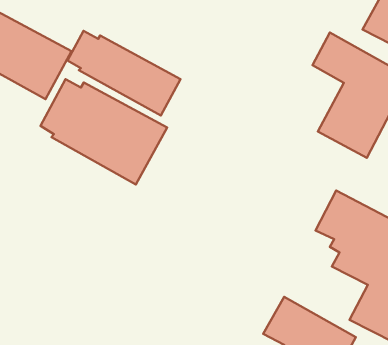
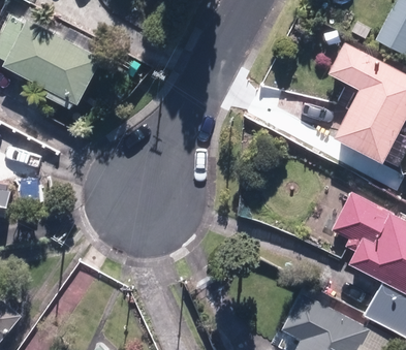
building: [68,31,181,115] -> none
building: [40,79,167,184] -> none

